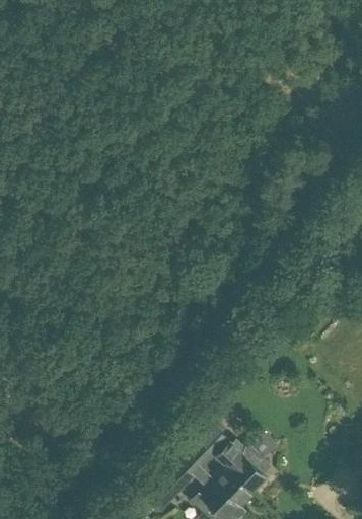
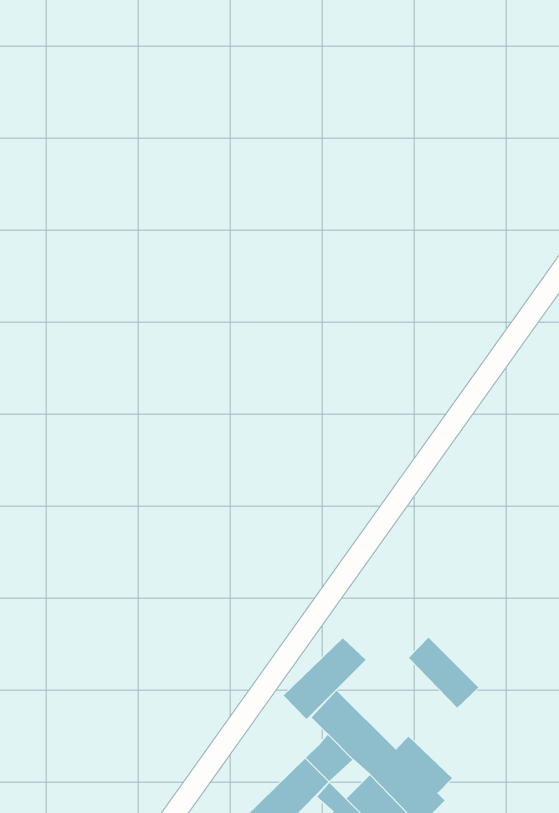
building: none -> [408,637,479,709]
building: none -> [283,637,366,720]

